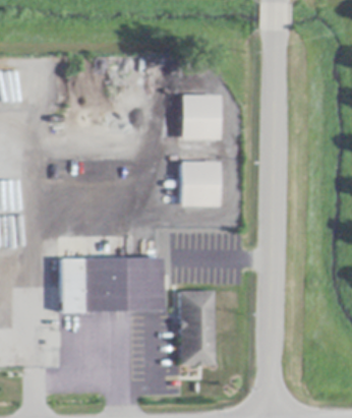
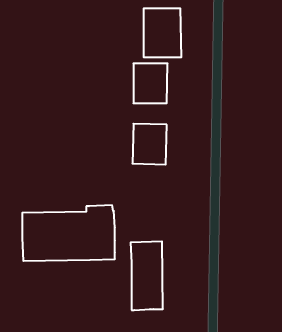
building: none -> [144,8,181,57]

